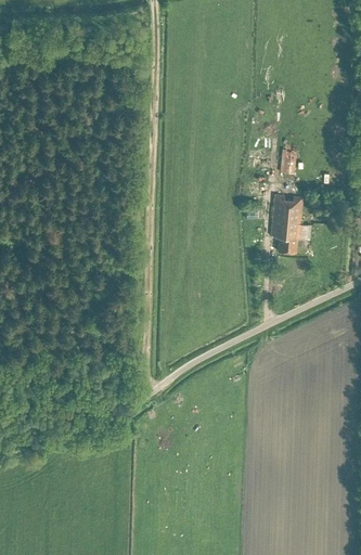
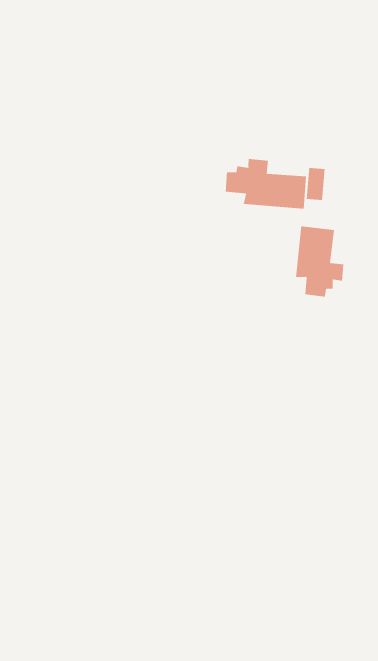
building: none -> [225,158,306,210]

